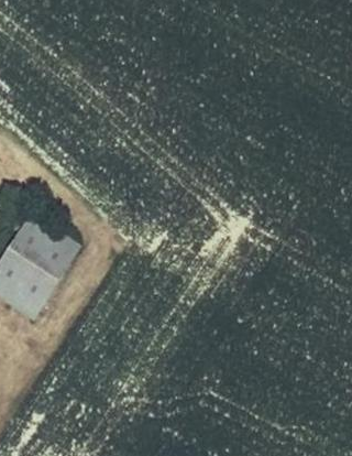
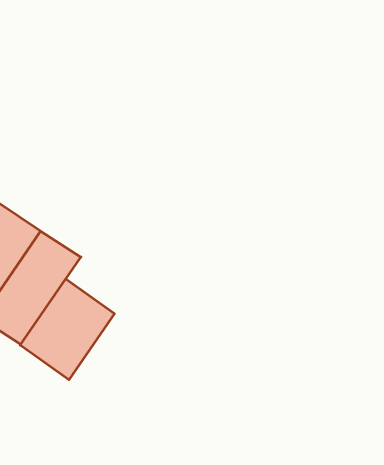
building: none -> [20,279,114,380]

